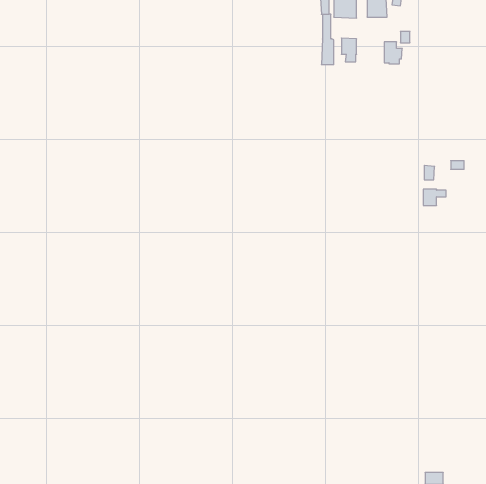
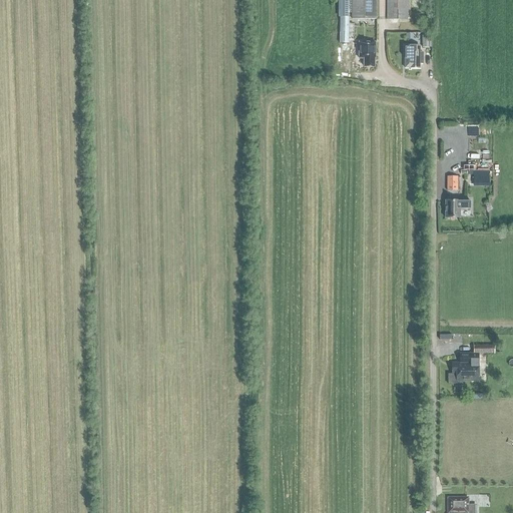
building: none -> [448,352,478,382]

